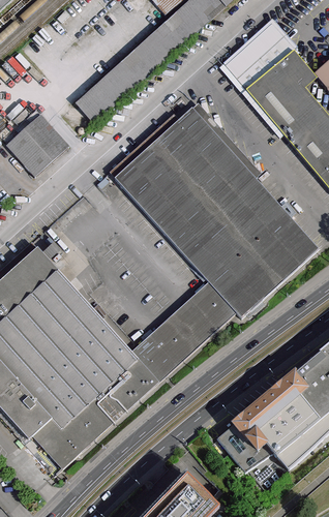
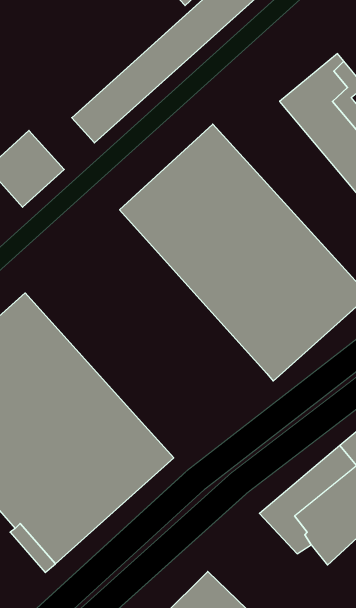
building: [225,23,294,89] -> none
building: [129,281,235,382] -> none
building: [216,427,260,472] -> none

